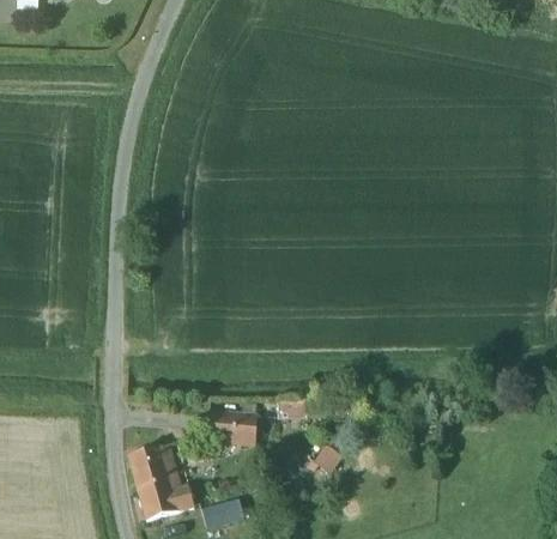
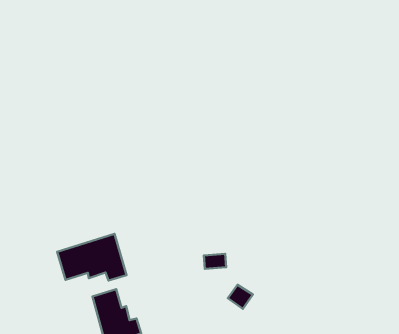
building: none -> [57,234,127,281]
building: [207,410,258,442] -> none

